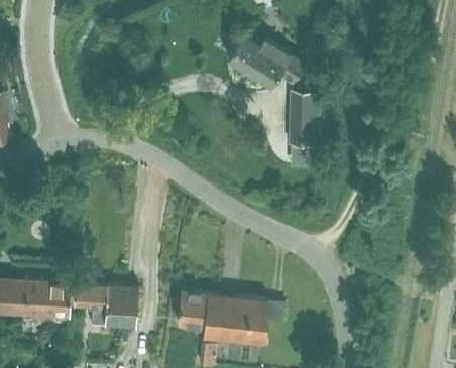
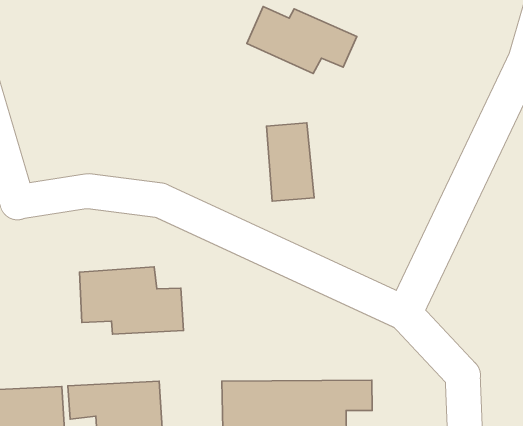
building: [289,92,319,145] -> [267,123,314,201]
building: none -> [79,267,183,334]

